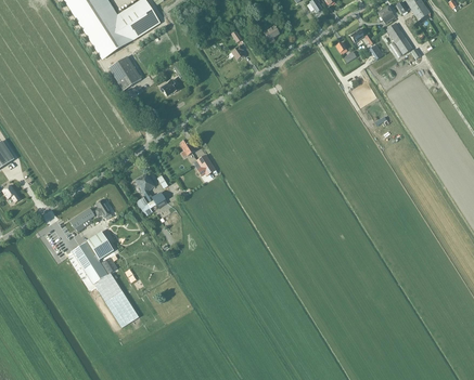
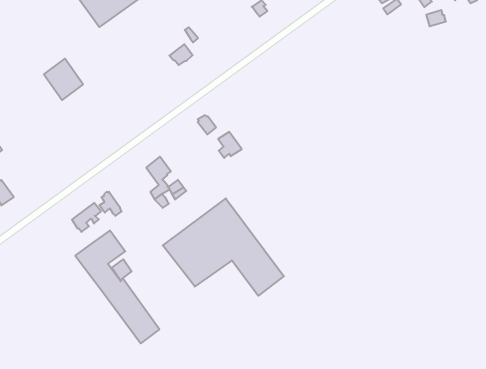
building: [108,55,141,90] -> [44,59,83,100]
building: none -> [163,198,284,296]

